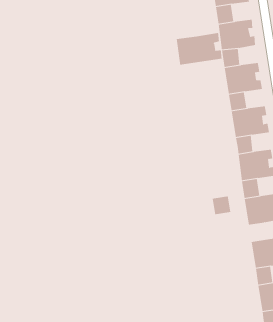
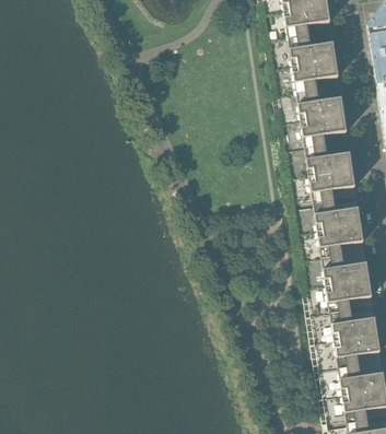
building: [176,32,222,65] -> none
building: [212,196,231,215] -> [329,298,353,322]

